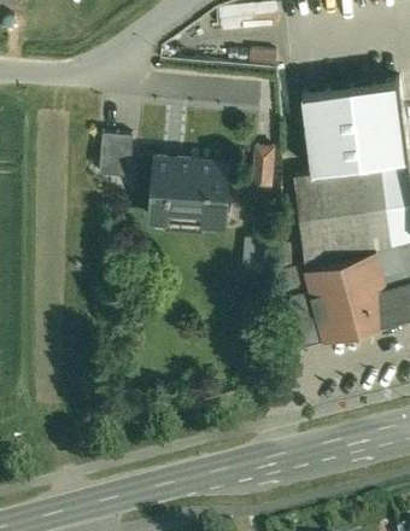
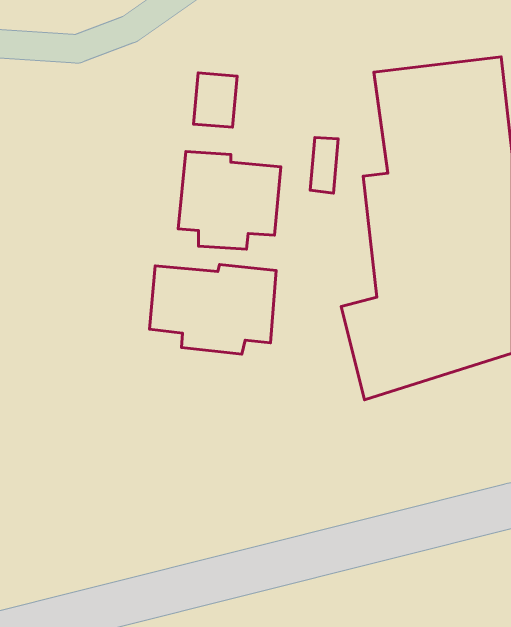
building: [99,134,133,176] -> [194,73,237,127]
building: none -> [149,265,276,354]

